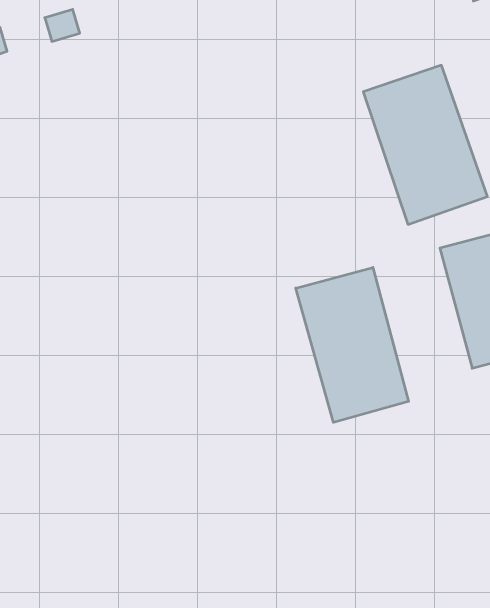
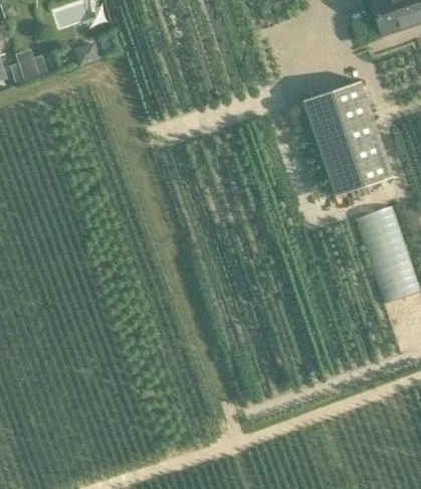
building: [296,267,409,422] -> none

